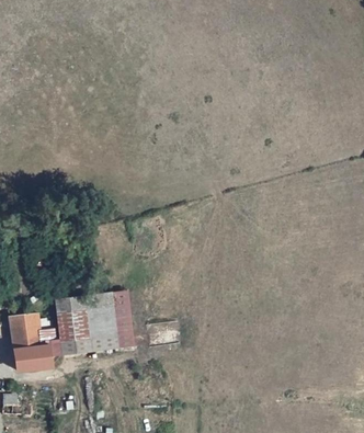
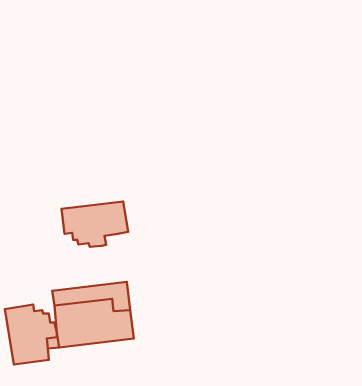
building: none -> [61,201,128,247]

